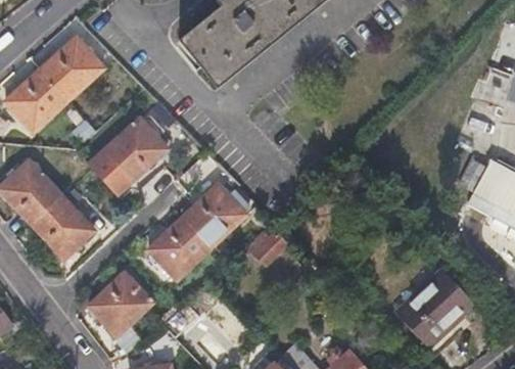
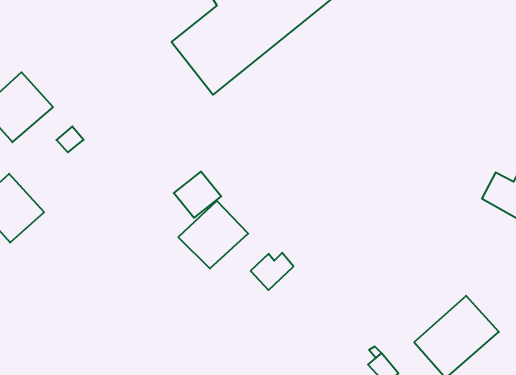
building: [41,38,104,100] -> none
building: [89,119,168,194] -> none
building: [31,195,94,259] -> none
building: [150,218,212,279] -> none
building: [90,273,152,336] -> none

